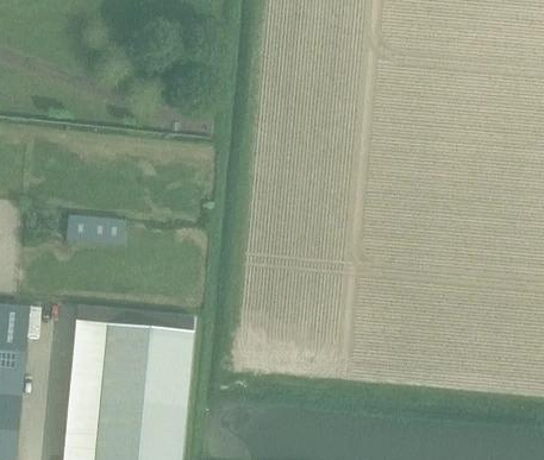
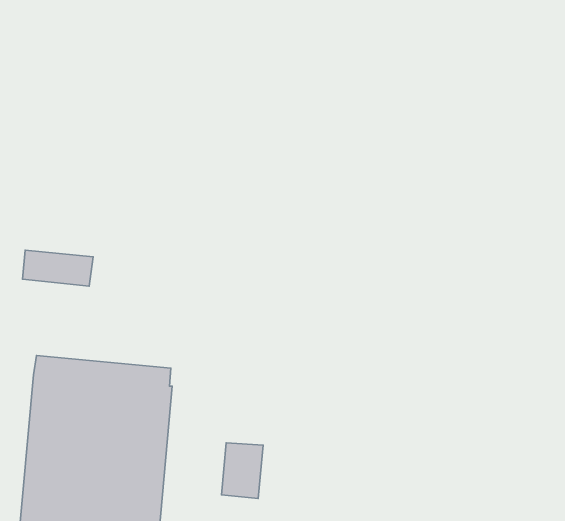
building: none -> [222,443,263,498]

